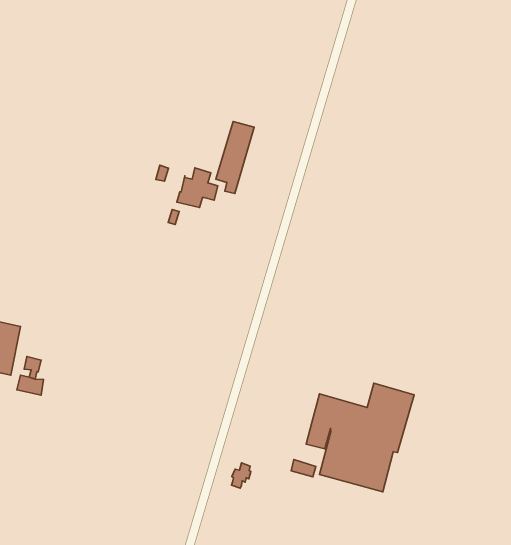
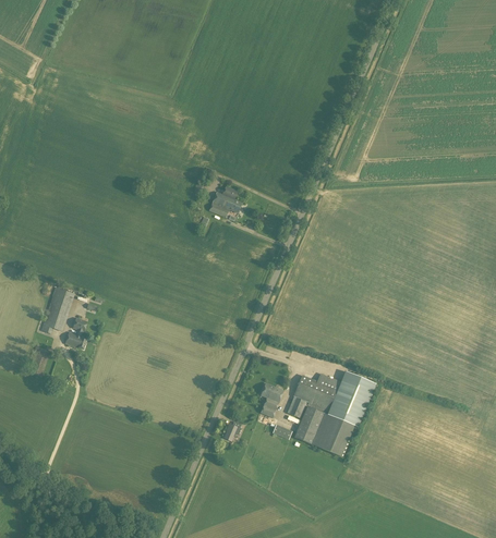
building: [216,122,254,194] -> none
building: none -> [259,382,282,416]

